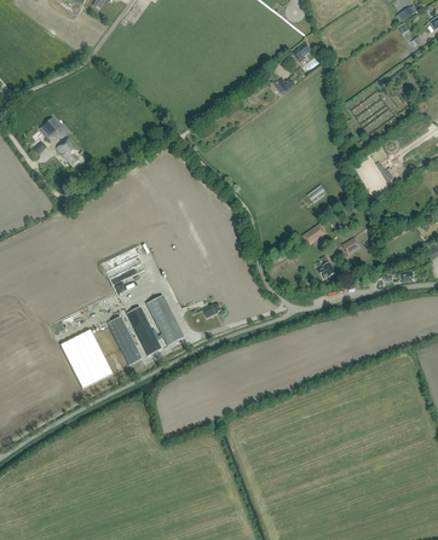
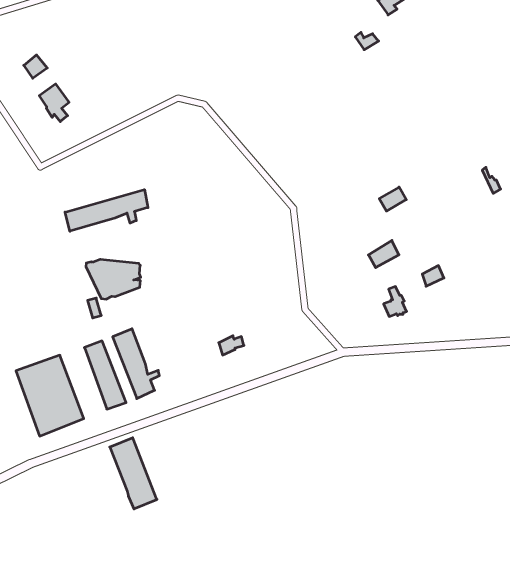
building: none -> [65,190,148,231]
building: [146,295,184,346] -> [110,438,157,509]

